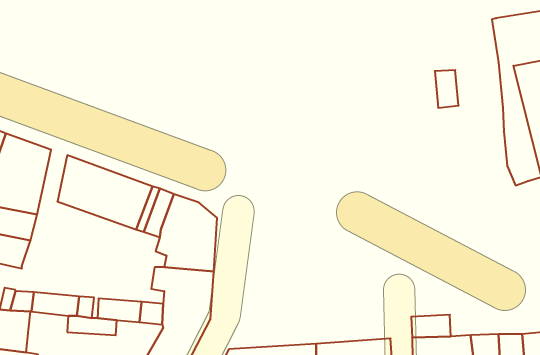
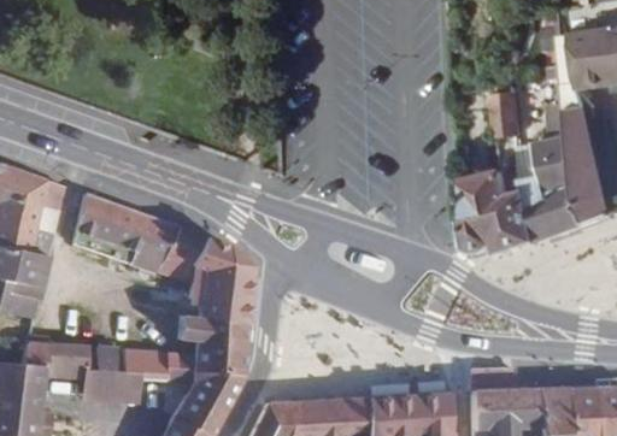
building: none -> [463,137,587,255]

